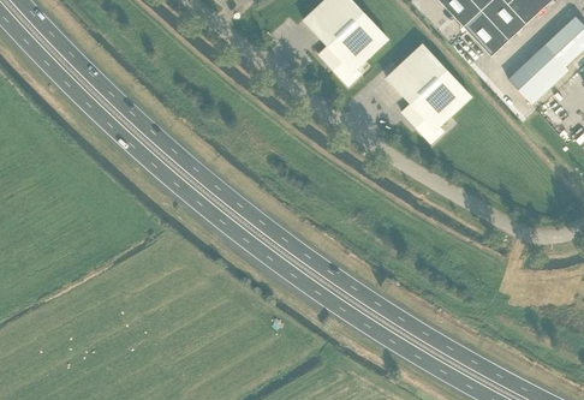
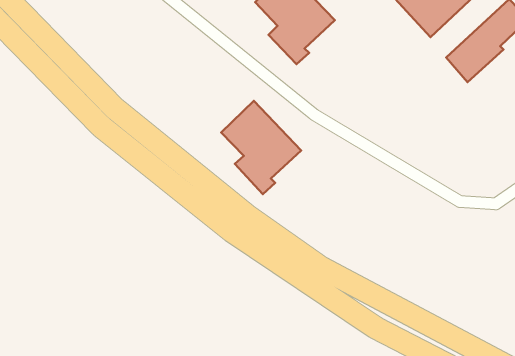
building: [386,42,471,142] -> [221,101,301,194]

